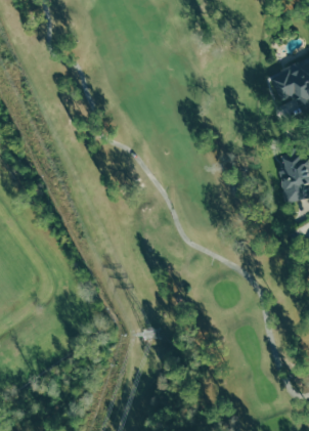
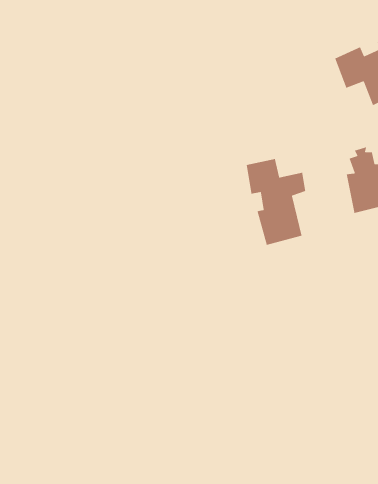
building: none -> [246,158,306,246]

